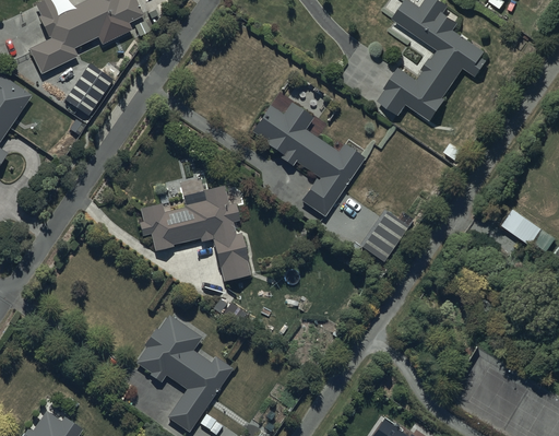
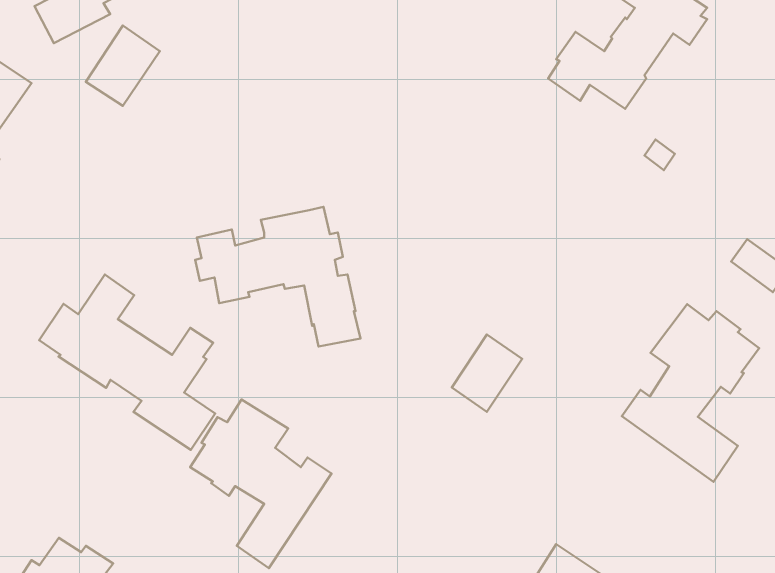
building: [251,102,365,216] -> none
building: [361,210,409,262] -> [452,335,522,412]
building: none -> [39,275,215,450]
building: none -> [622,304,759,482]

